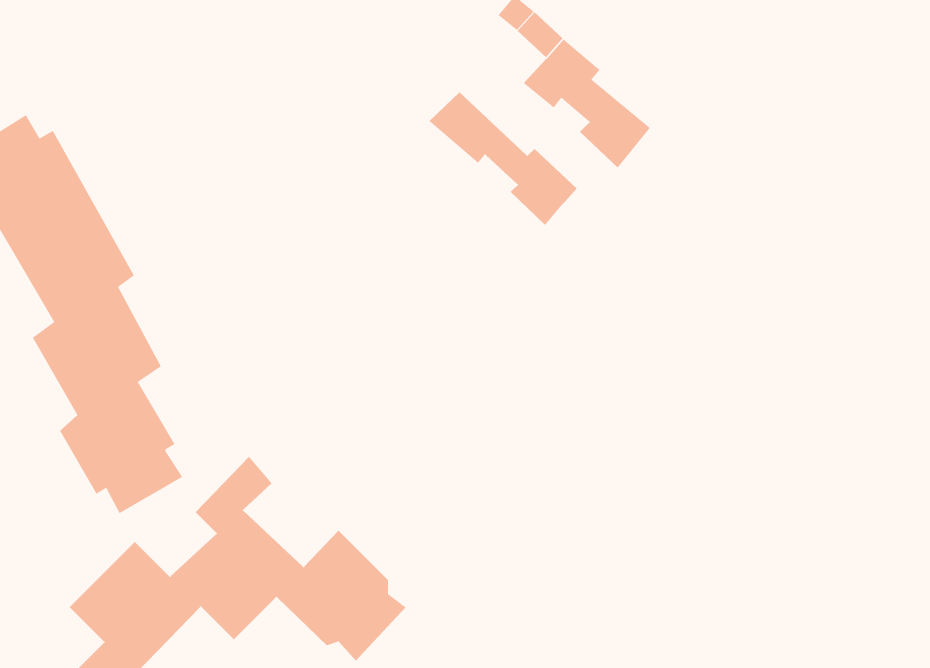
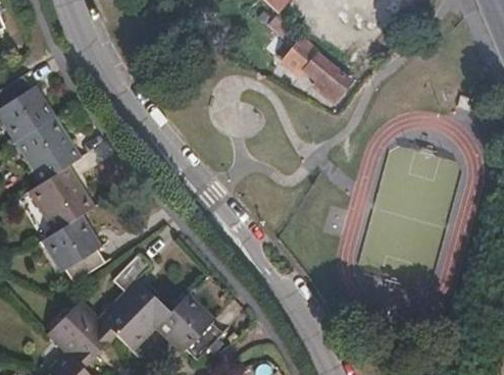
building: [429,92,577,226] -> none

